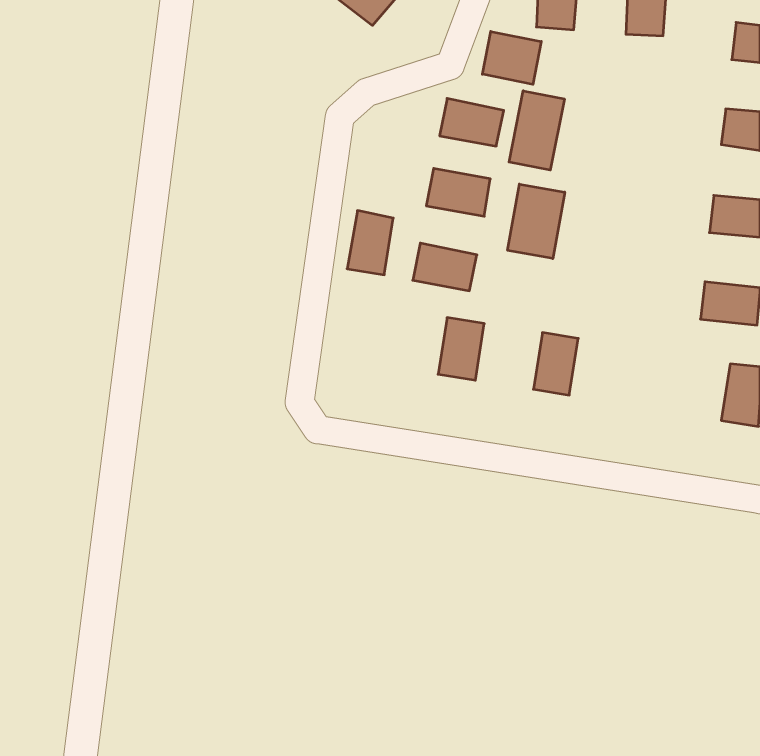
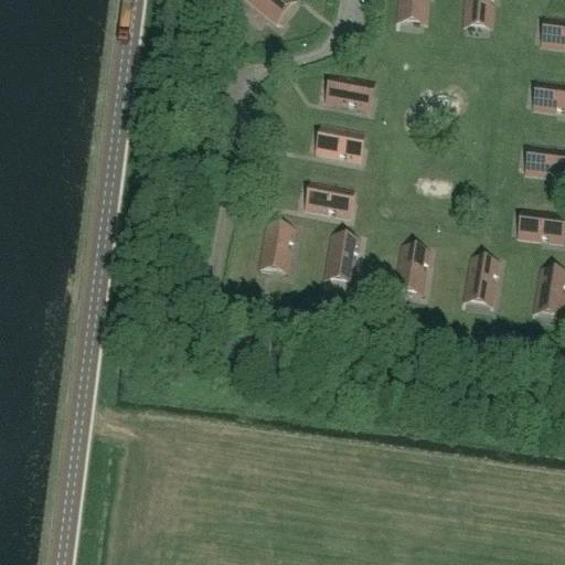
building: [482,31,541,84] -> none
building: [509,91,564,170] -> none
building: [508,184,565,259] -> none
building: [347,211,393,275] -> [259,224,294,271]
building: none -> [463,257,498,305]

